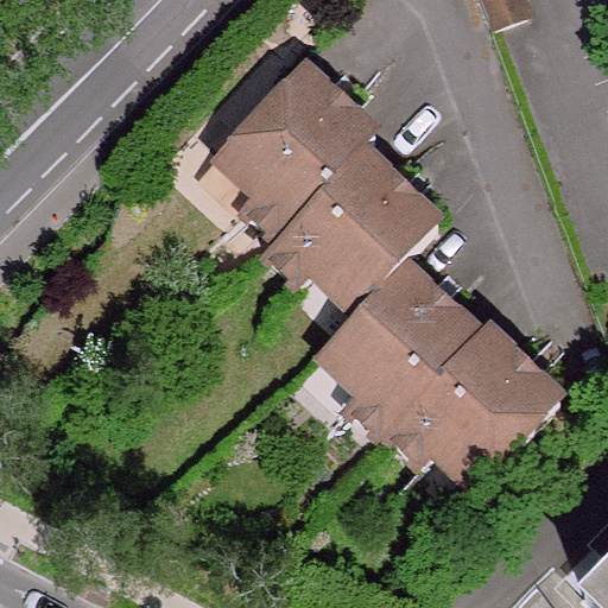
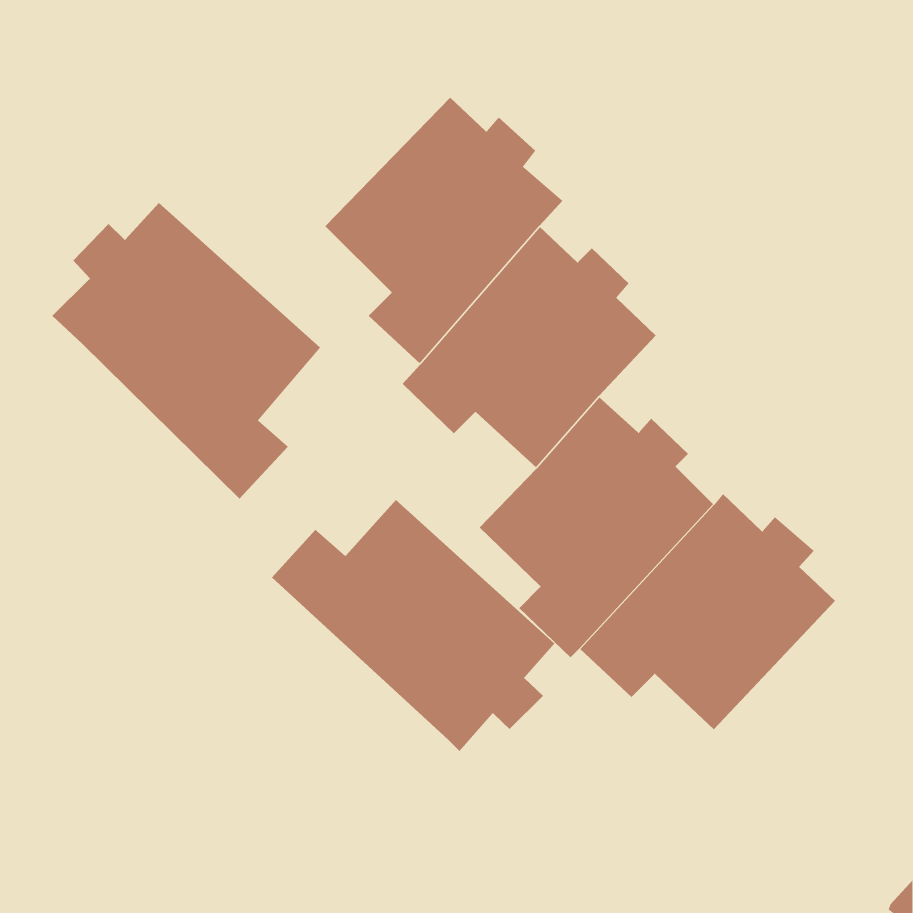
building: none -> [51,202,321,499]
building: none -> [271,499,555,752]

